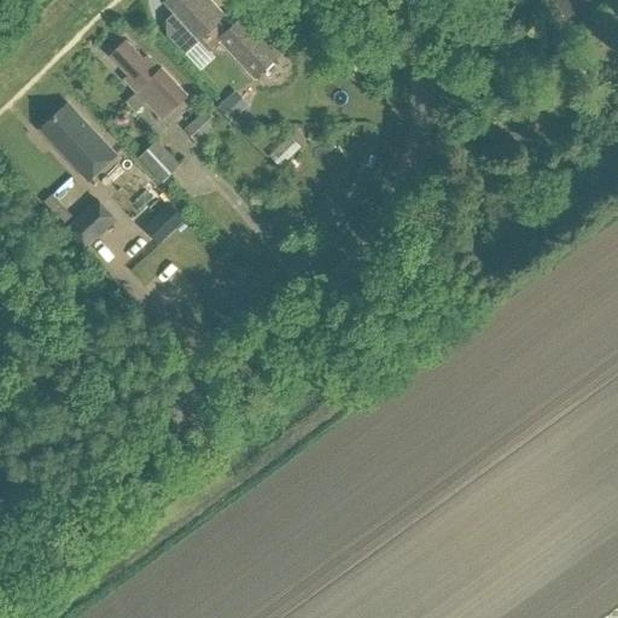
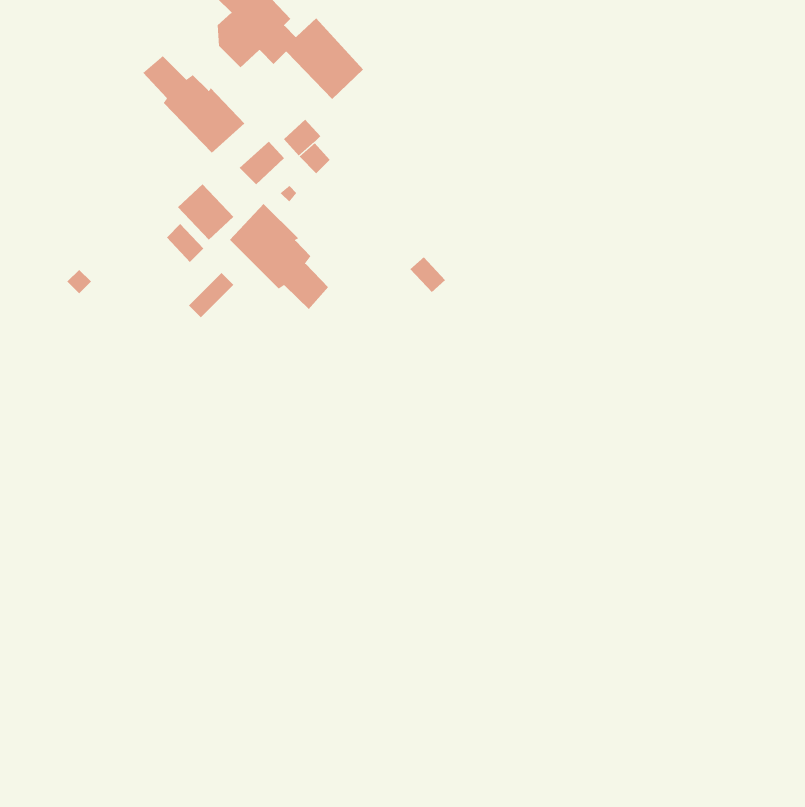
building: [46,104,116,180] -> none
building: none -> [229,203,329,310]
building: [63,198,115,250] -> none

